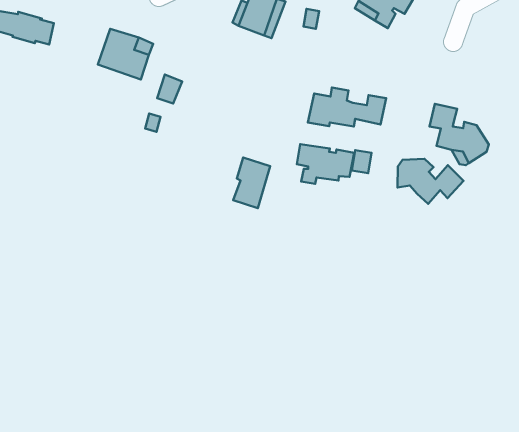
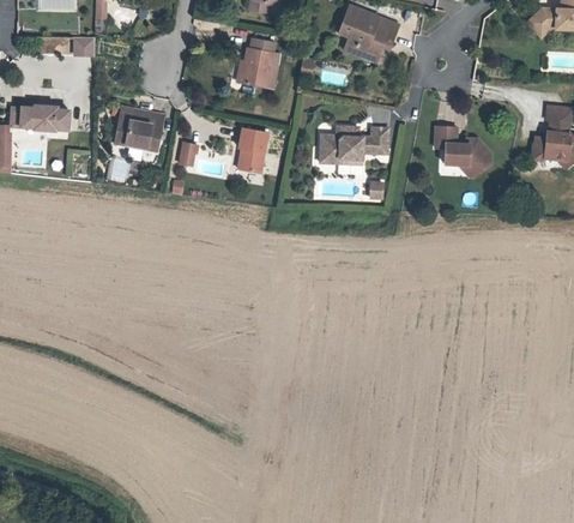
building: [297,144,354,184] -> none
building: [233,158,270,208] -> [242,128,271,173]
building: [397,159,463,204] -> none

